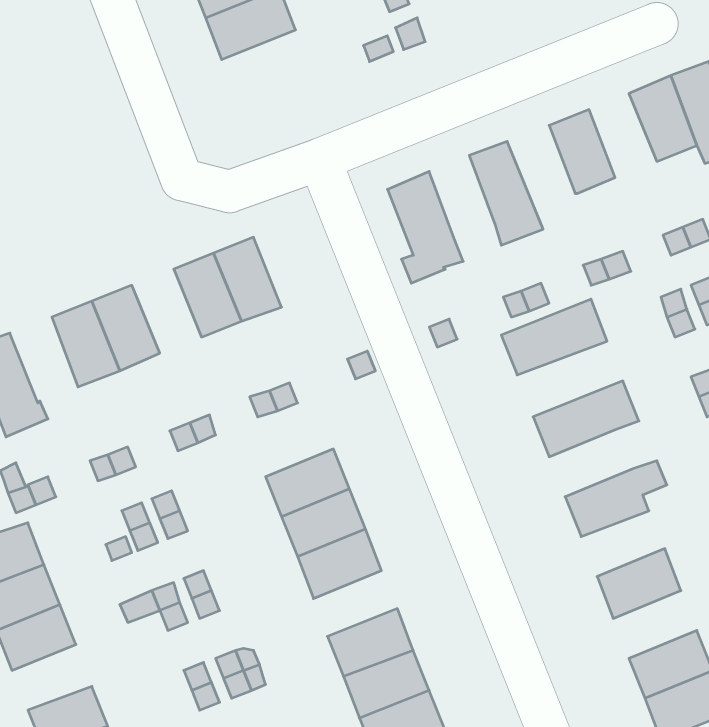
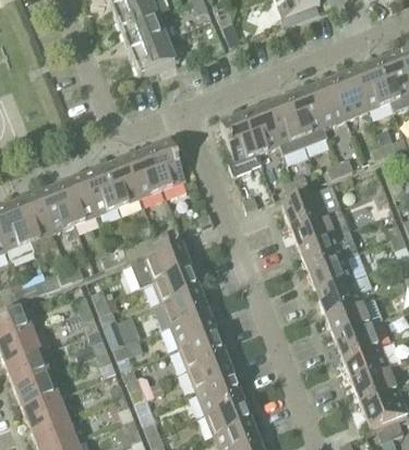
building: none -> [130,37,179,75]
building: none -> [330,72,368,118]
building: none -> [286,90,327,146]
building: none -> [243,106,279,153]
building: none -> [147,142,185,189]
building: none -> [81,168,119,214]
building: none -> [14,194,51,241]
building: none -> [291,208,349,249]
building: none -> [132,244,191,286]
building: none -> [309,256,368,293]
building: none -> [326,296,382,336]
building: none -> [180,333,226,369]
building: none -> [344,344,389,381]
building: none -> [15,374,59,410]

